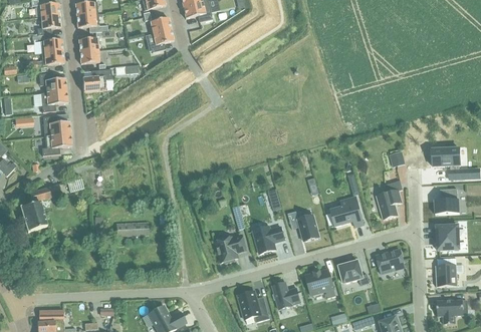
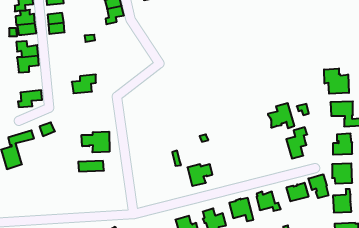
building: [81,68,111,91] -> [72,75,96,93]
building: none -> [324,68,349,94]
building: [43,115,70,136] -> none
building: none -> [82,132,109,152]
building: [330,196,364,227] -> [268,103,294,128]
building: [287,211,319,241] -> none
building: [215,234,246,263] -> none
building: none -> [308,174,328,198]

